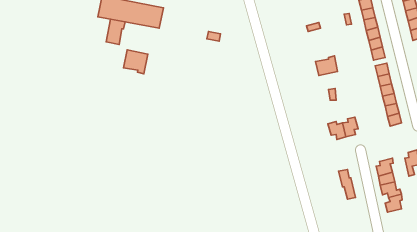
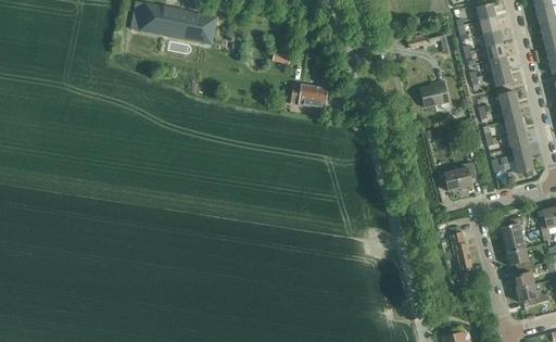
building: [106,19,125,45] -> none
building: [123,50,148,74] -> none
building: none -> [291,84,329,110]
building: none -> [516,284,549,306]

